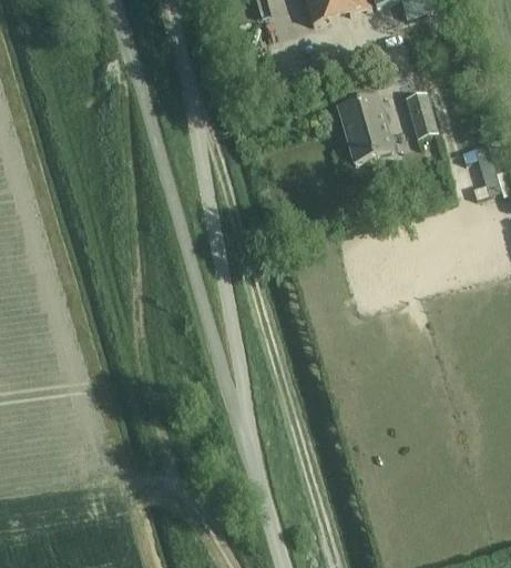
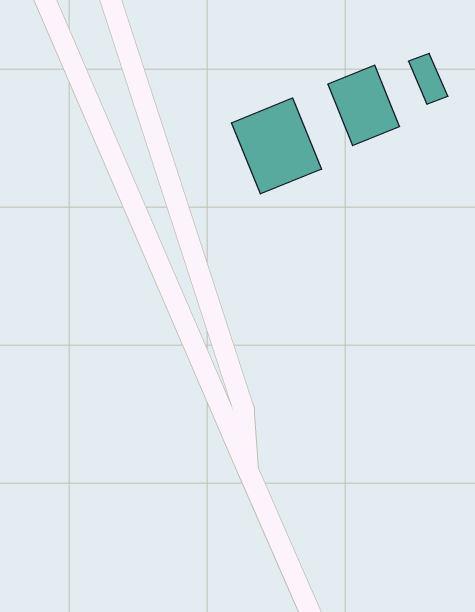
building: none -> [232,98,322,194]

